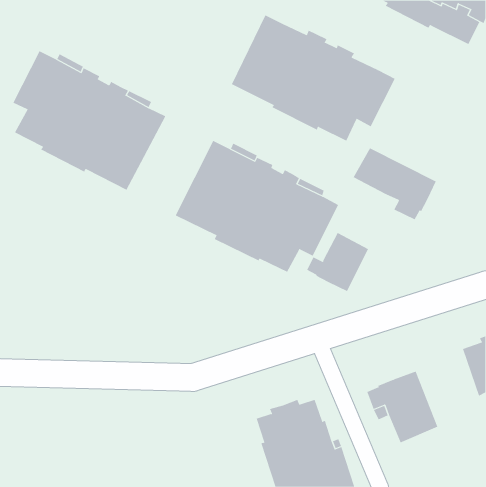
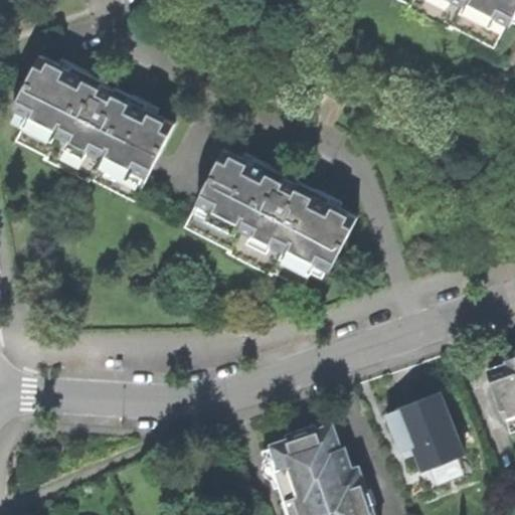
building: [231,14,396,141] -> none
building: [353,148,437,220] -> none
building: [307,232,369,292] -> none

